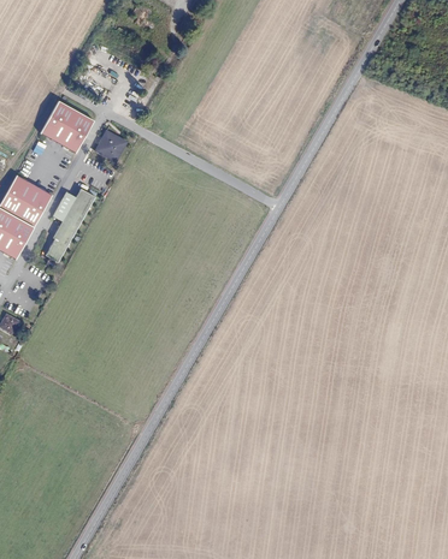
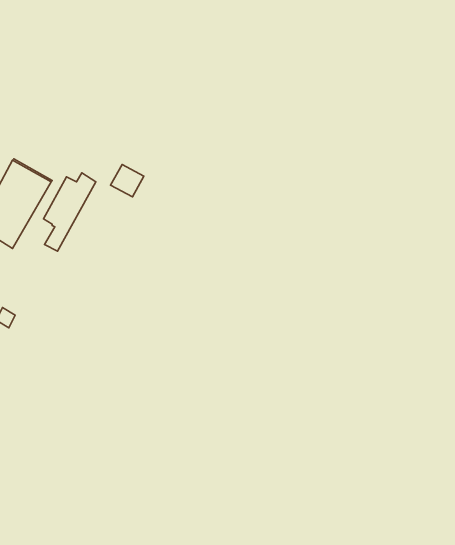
building: [39,101,93,153] -> none
building: [94,131,125,161] -> [111,165,144,197]

